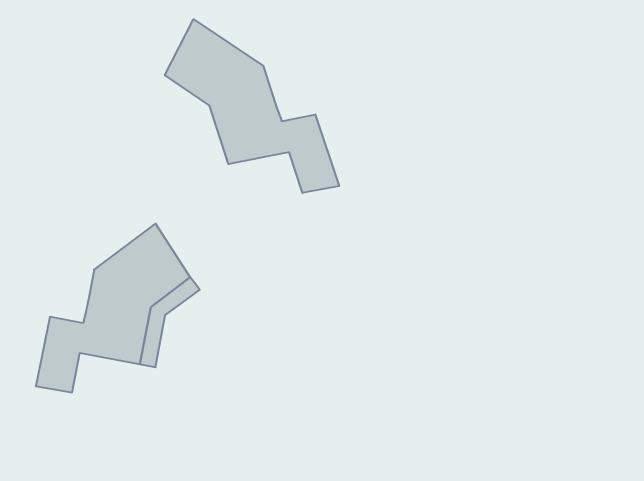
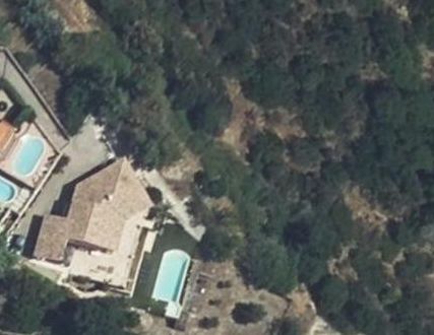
building: [165,19,339,193] -> none

